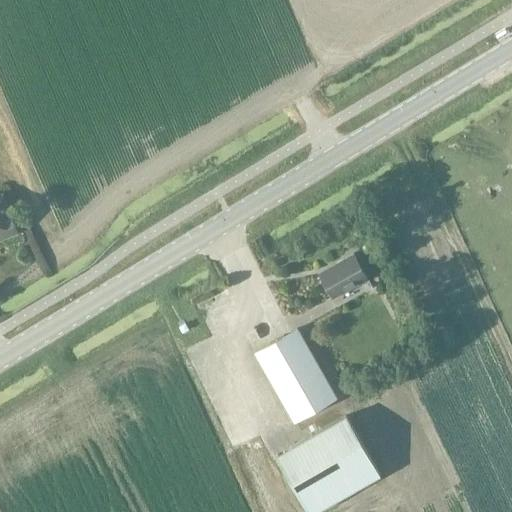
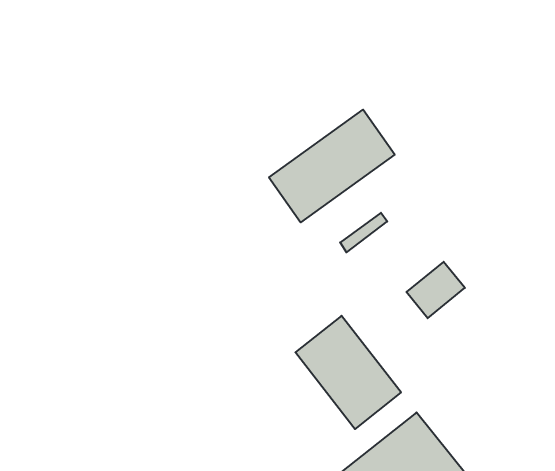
building: none -> [269,110,395,222]
building: [320,258,368,302] -> [406,262,465,318]

